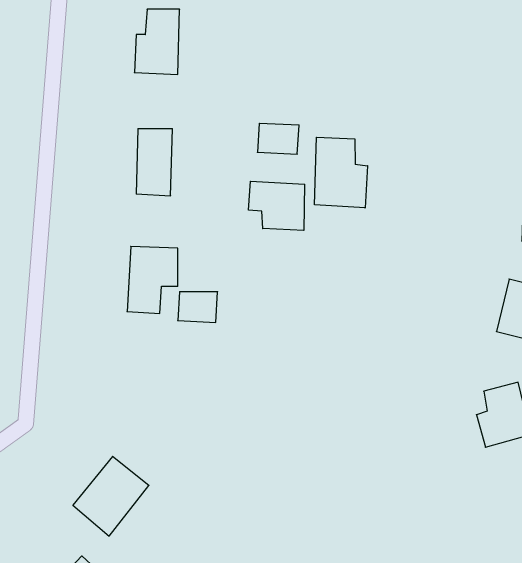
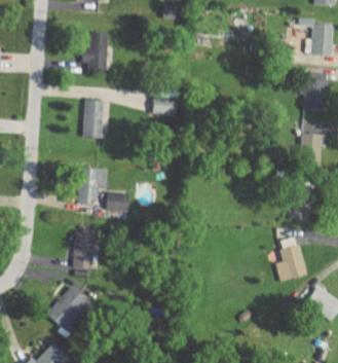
building: [315,137,368,208] -> none
building: [249,181,305,230] -> none
building: none -> [74,230,95,267]

